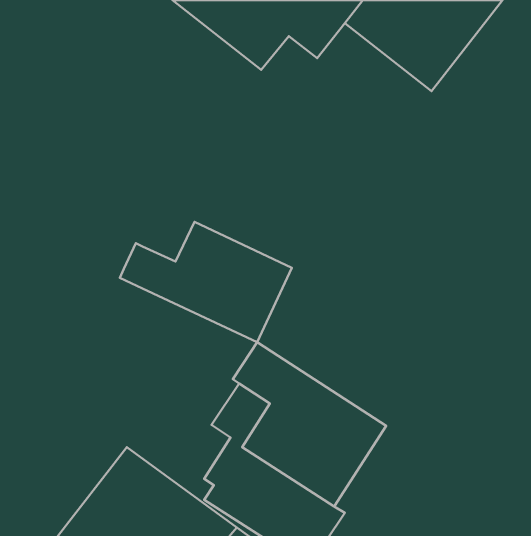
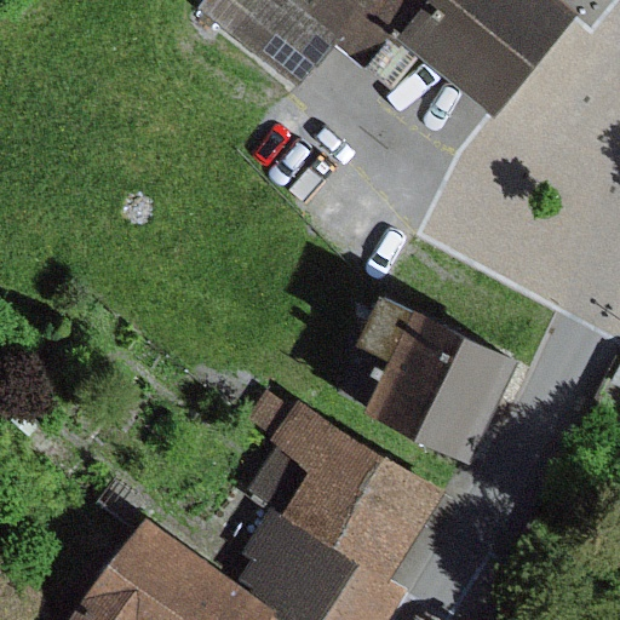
building: [120,222,292,342] -> none
building: none -> [339,289,519,450]

